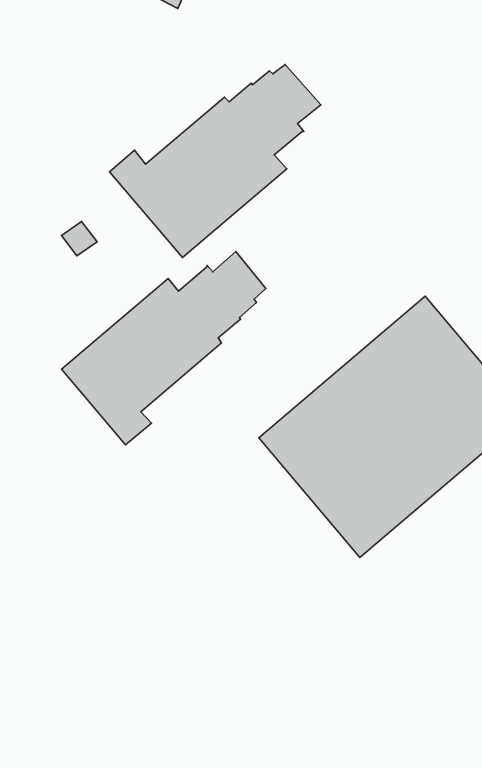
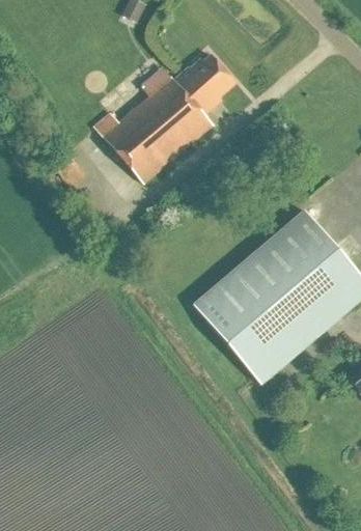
building: [62,251,266,445] -> none

